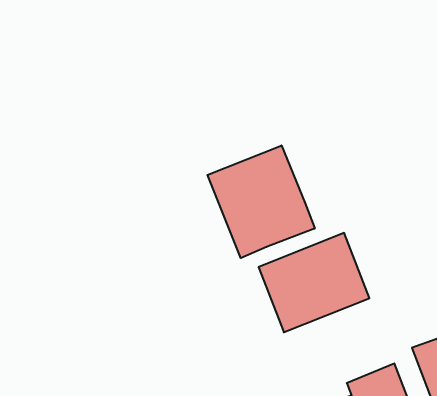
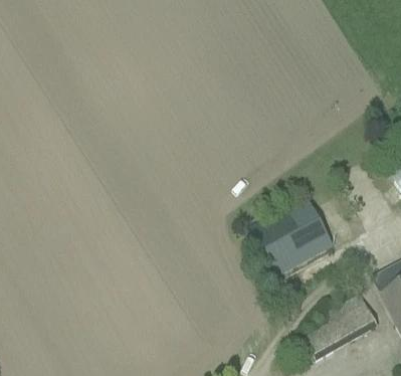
building: [207,145,315,258] -> none

